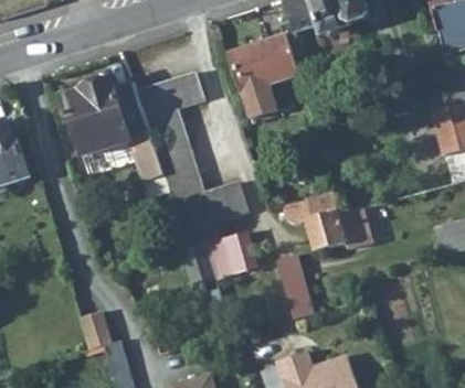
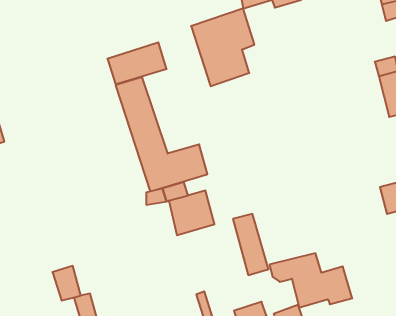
building: [61,73,166,181] -> none
building: [283,193,372,251] -> [270,253,352,307]

